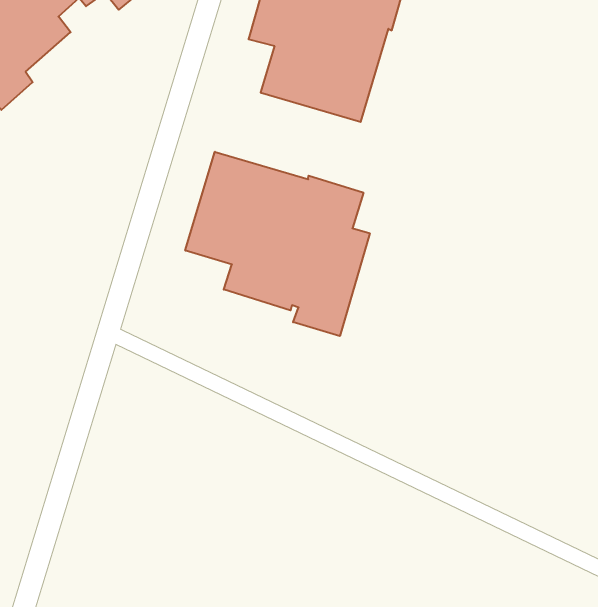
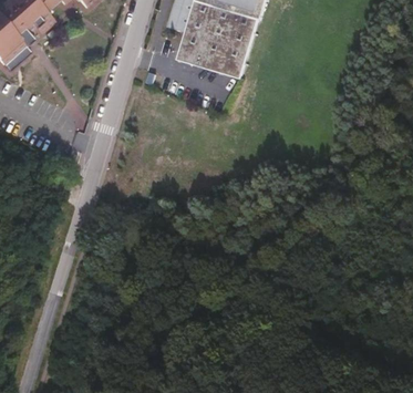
building: [185,152,370,336] -> none

